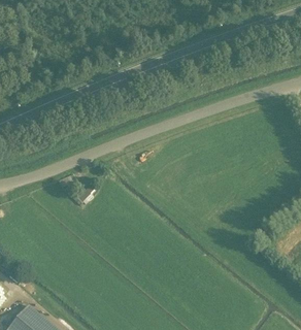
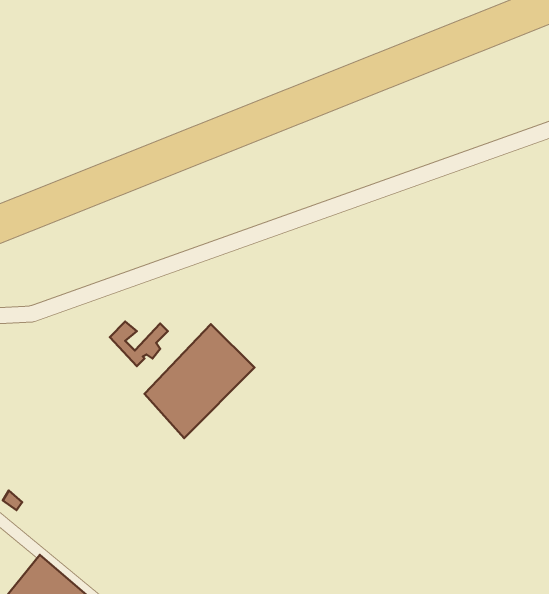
building: none -> [144,324,255,438]

